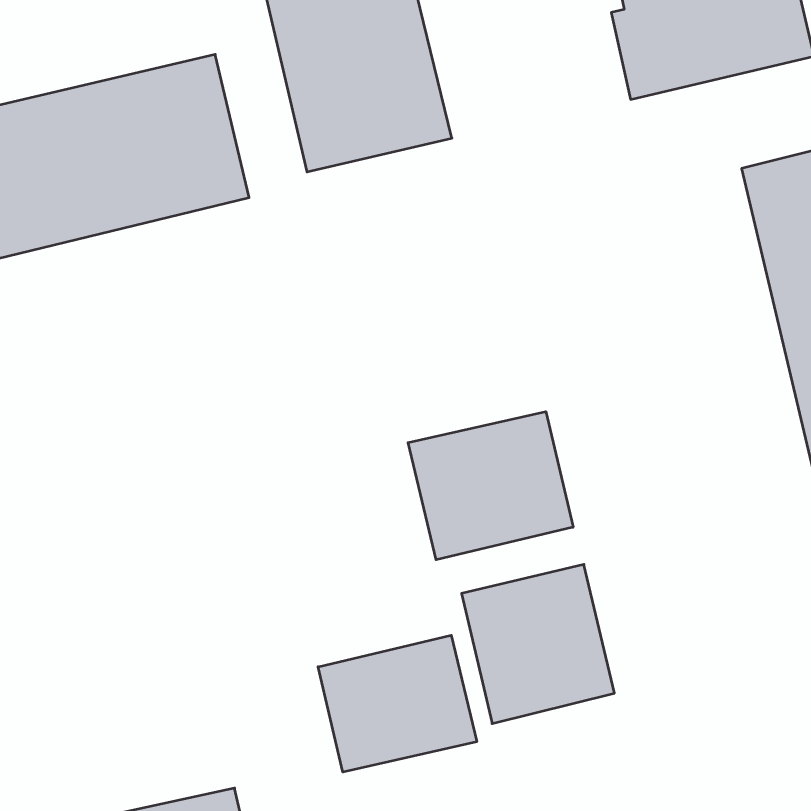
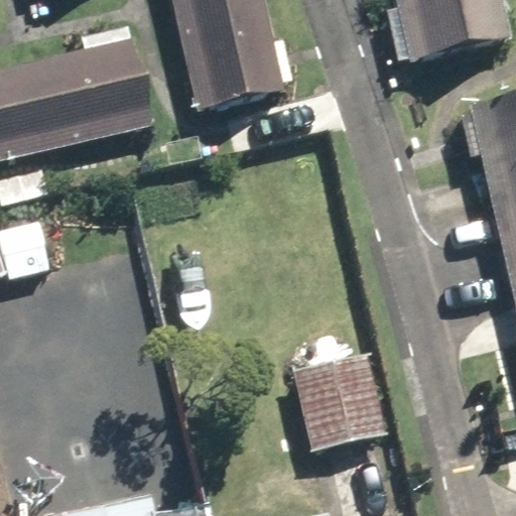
building: [408,412,573,560] -> none
building: [318,635,477,772] -> none

